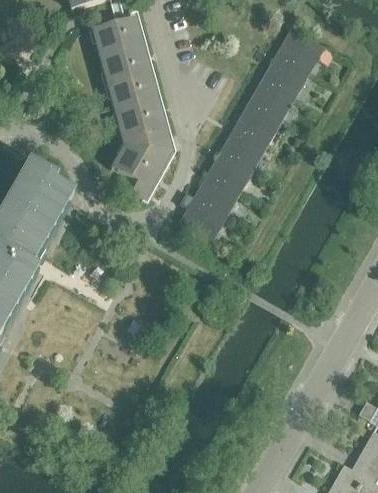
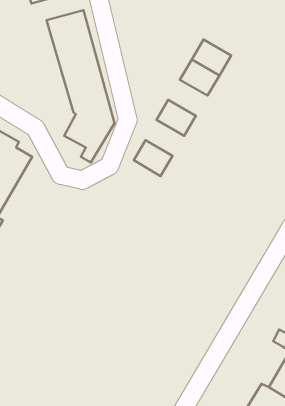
building: [277,26,324,70] -> none
building: [235,99,282,142] -> none
building: [208,147,254,190] -> none
building: [180,191,226,237] -> none

